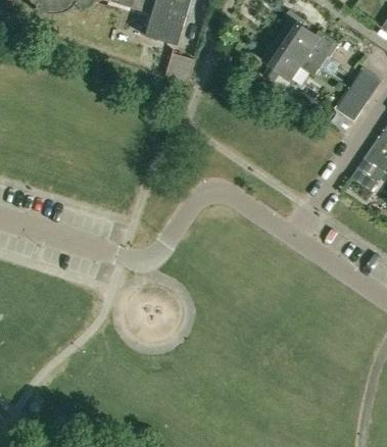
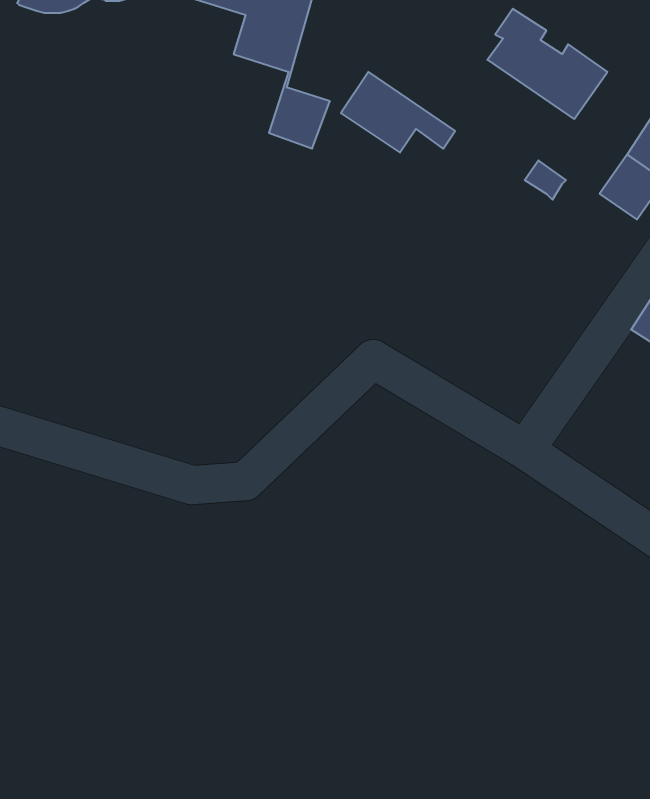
building: [262,38,322,80] -> [341,72,455,153]

